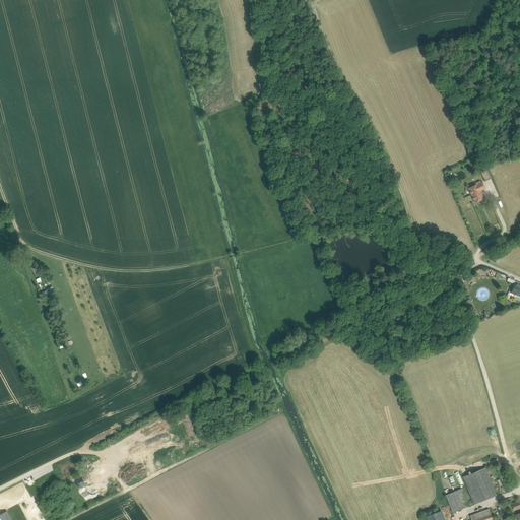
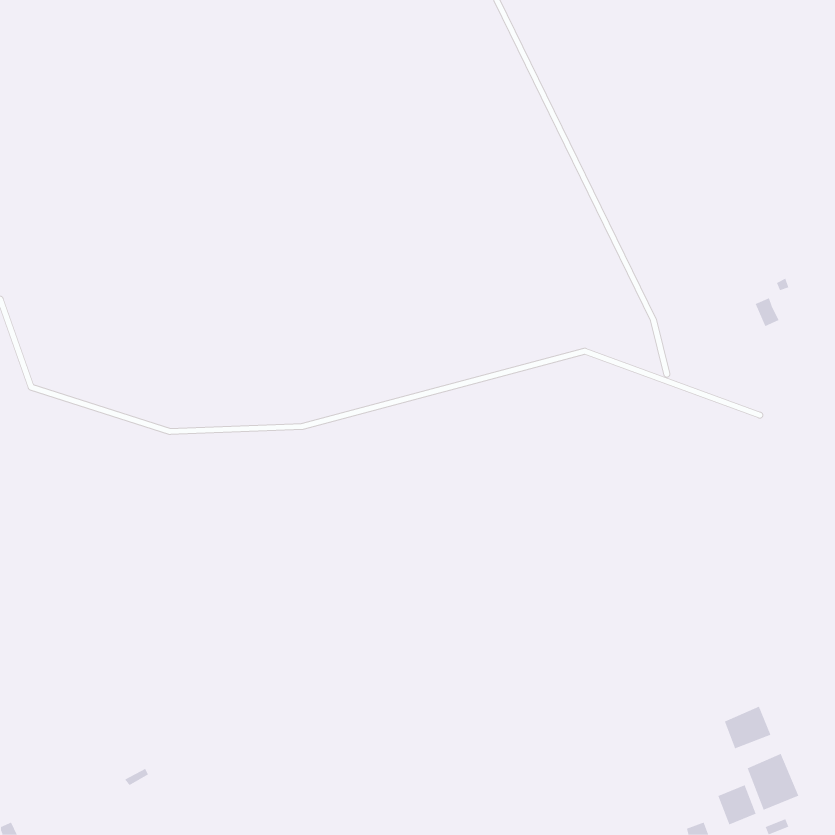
building: none -> [724,706,771,749]

